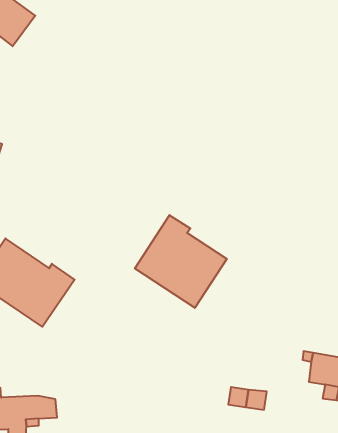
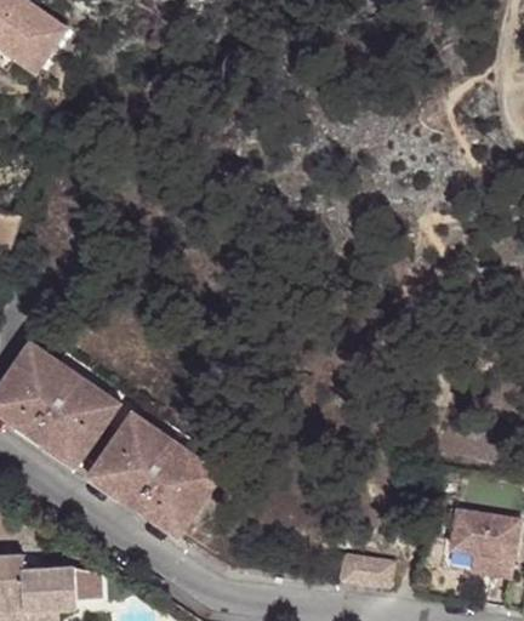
building: [135,215,227,308] -> none
building: none -> [87,410,221,537]

